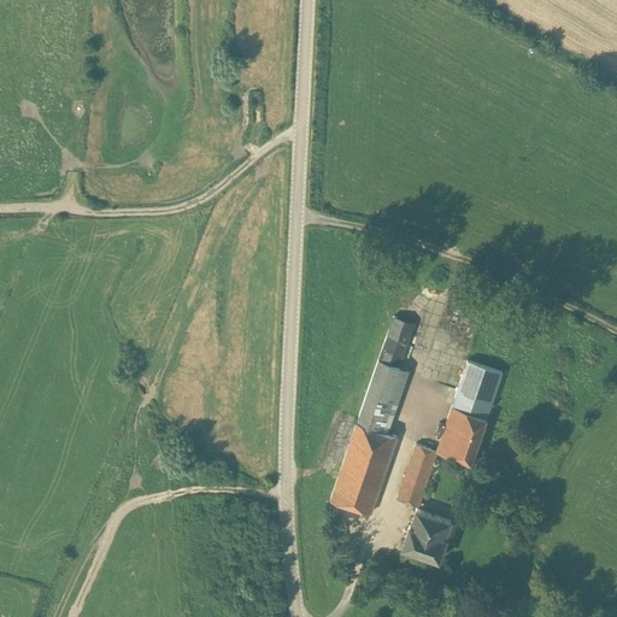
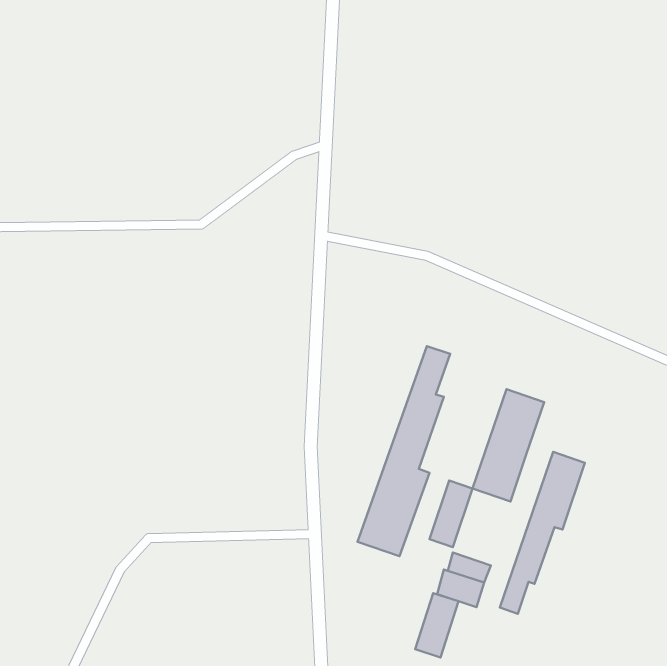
building: none -> [500,452,585,614]
building: none -> [415,593,458,657]

